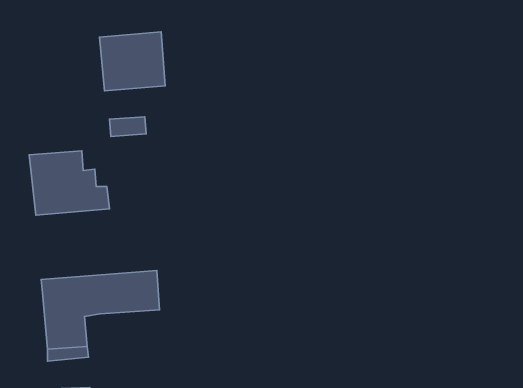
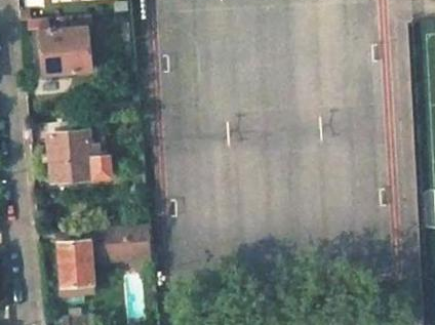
building: [99,32,165,91] -> [39,28,90,74]

